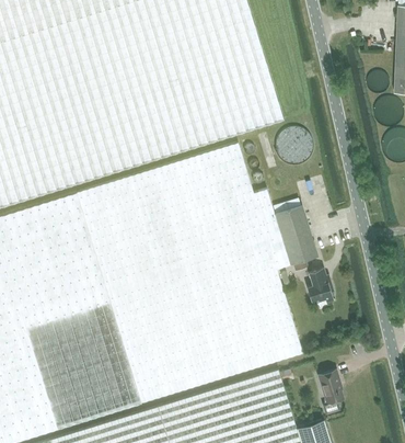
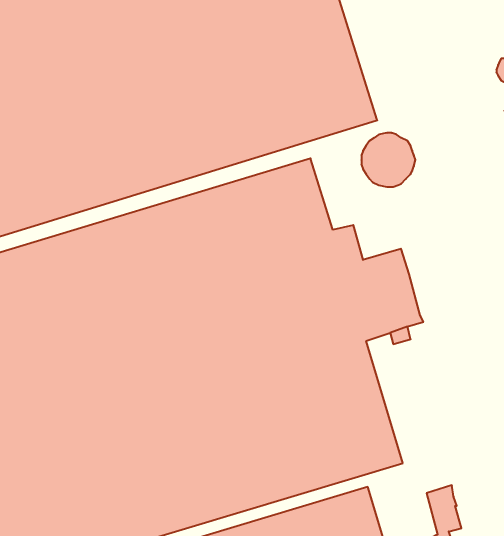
building: [306,268,334,303] -> none

